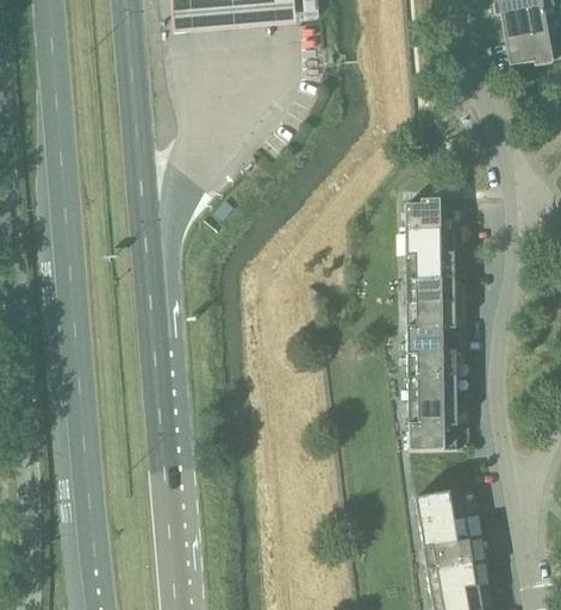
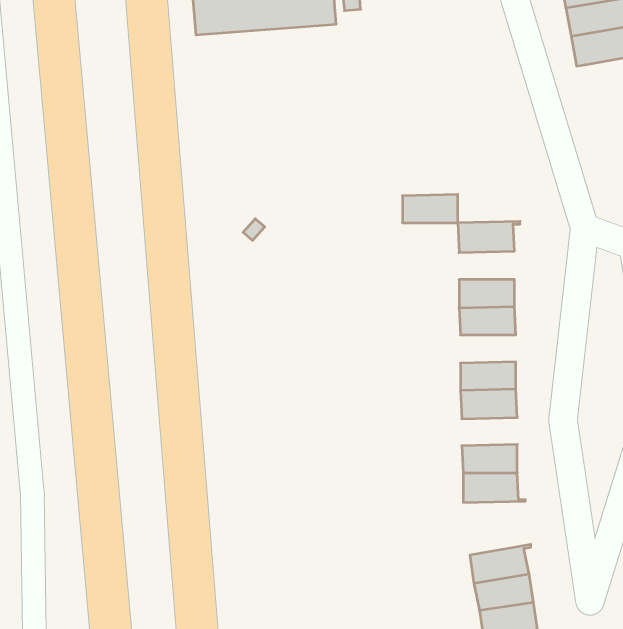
building: [409,224,457,249] -> [402,194,458,223]
building: [410,298,459,323] -> none
building: [411,371,460,396] -> none

